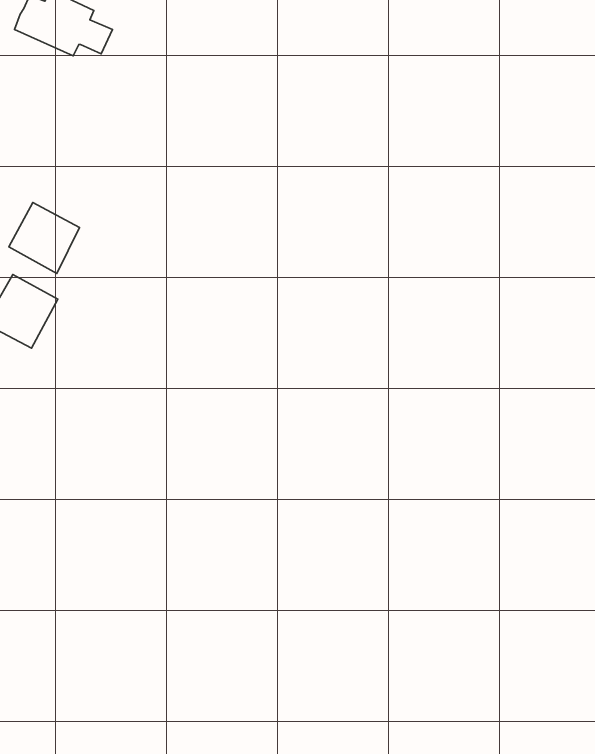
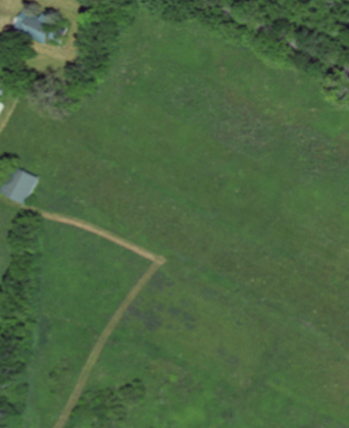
building: [9,203,80,274] -> none

